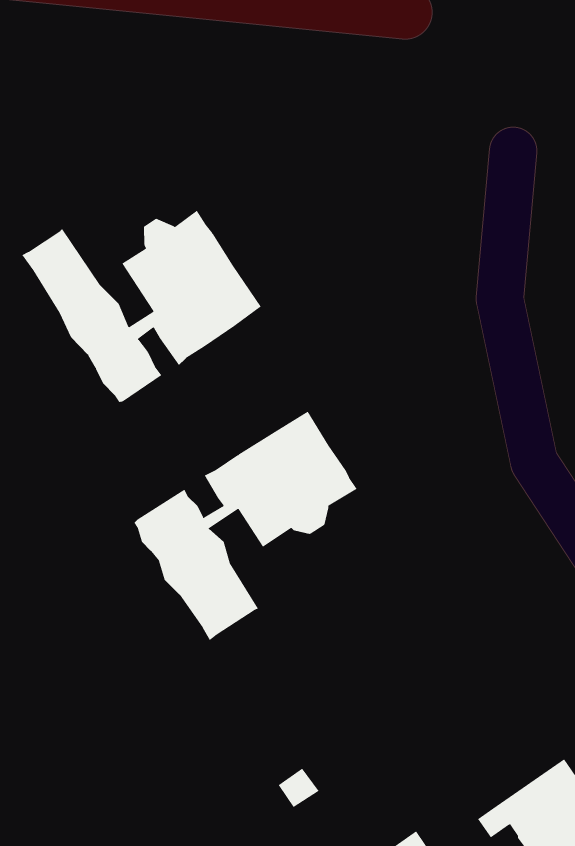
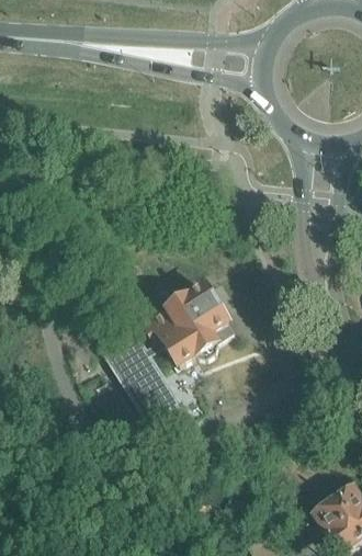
building: [21,210,262,403] -> none

